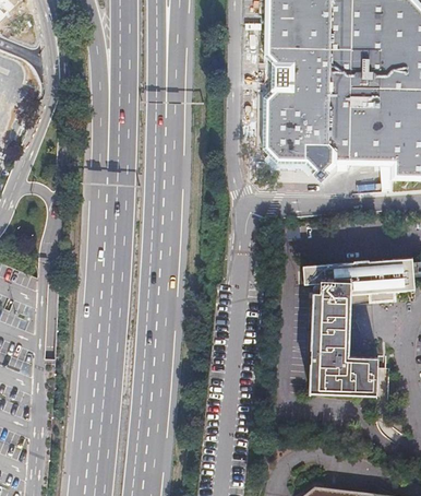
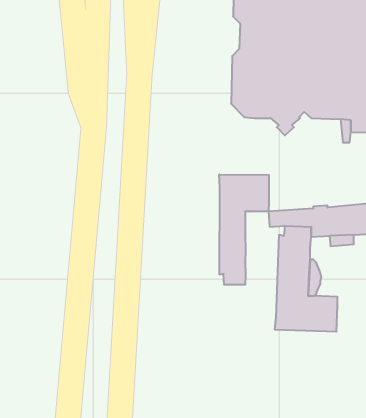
building: none -> [219,174,269,285]

